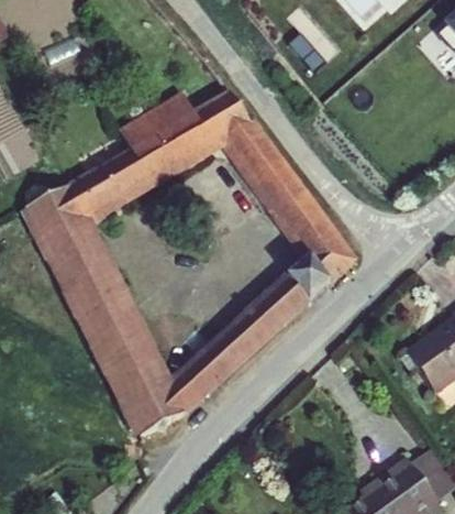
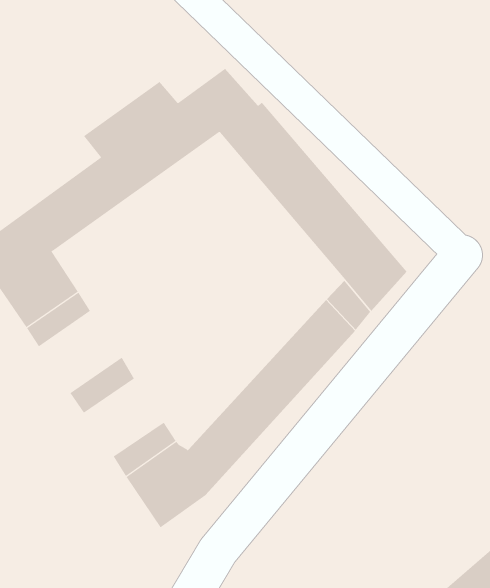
building: [64,265,126,326] -> none
building: [92,320,153,378] -> none

